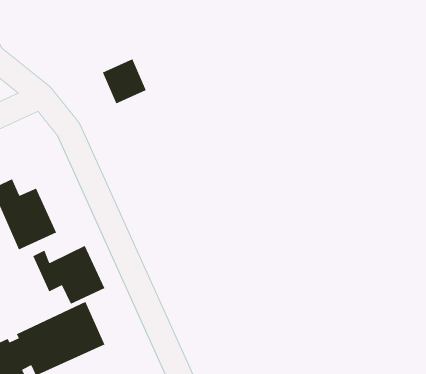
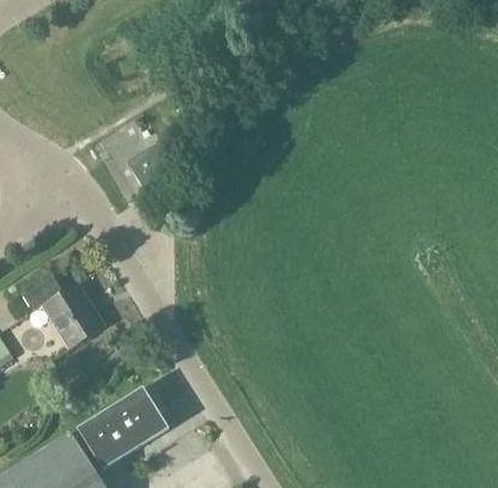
building: [32,245,105,305] -> none

